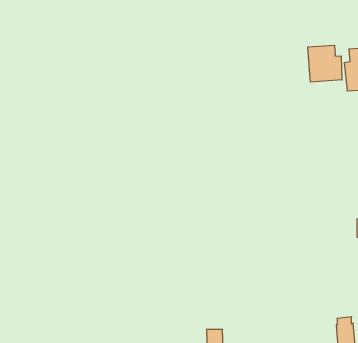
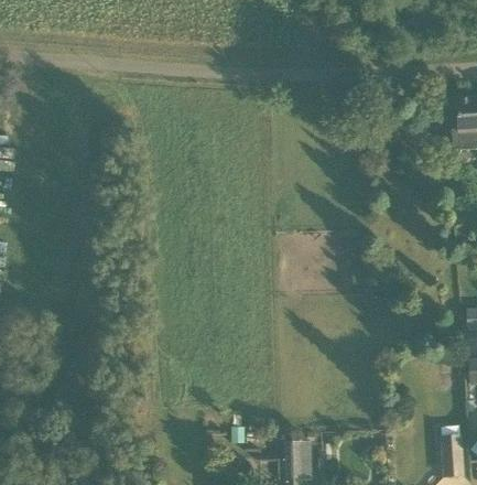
building: [308,45,342,82] -> none

